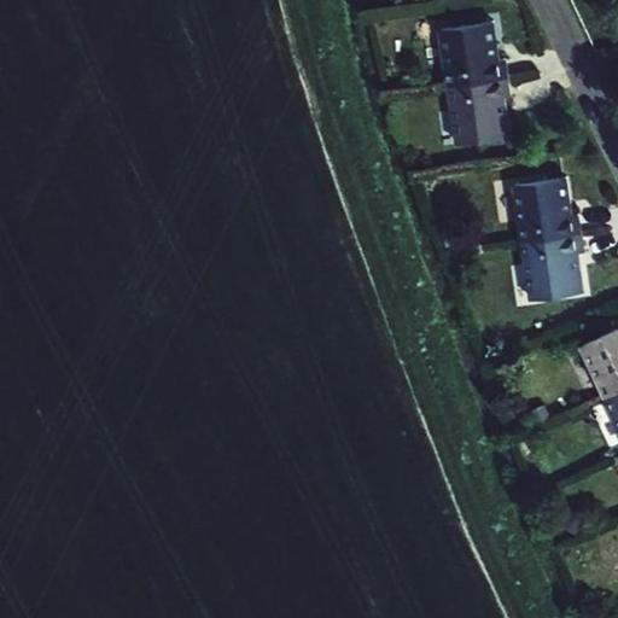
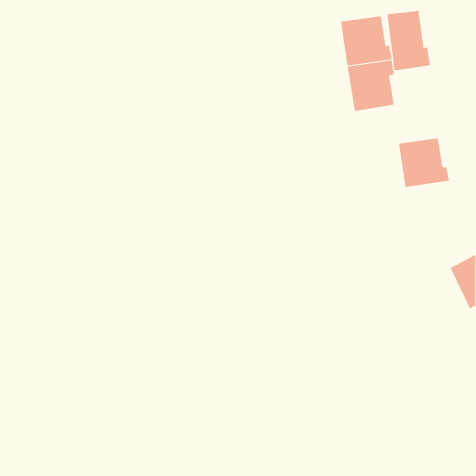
building: none -> [387,10,430,71]
building: [521,237,582,302] -> none

